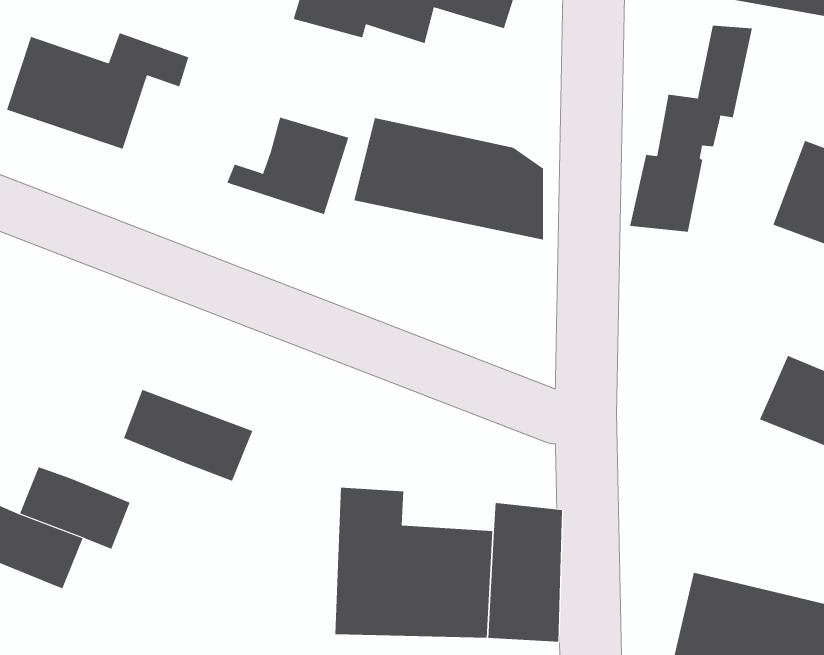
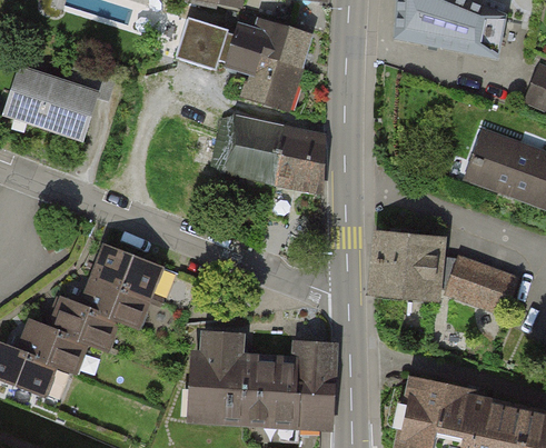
building: [630,25,752,232] -> none
building: [227,117,349,215] -> [229,51,301,109]
building: none -> [371,229,450,302]
building: none -> [88,246,165,300]
building: none -> [46,298,112,349]

